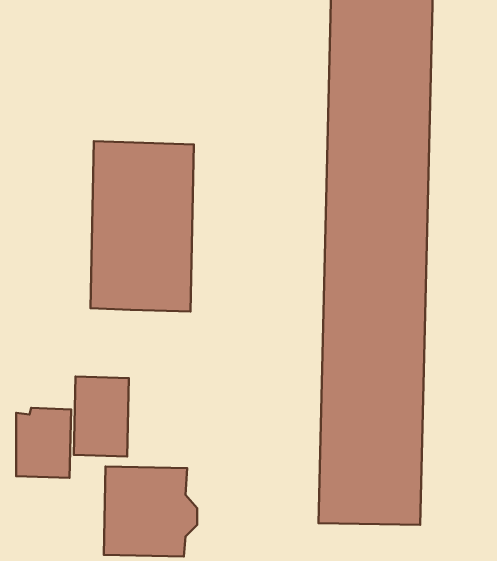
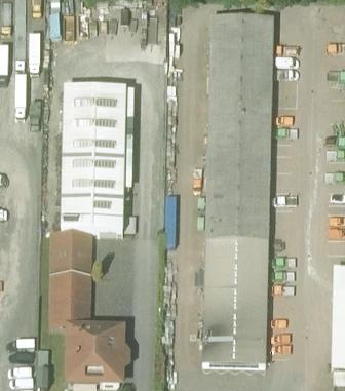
building: none -> [64,84,126,126]
building: [16,408,71,478] -> [52,227,86,270]

